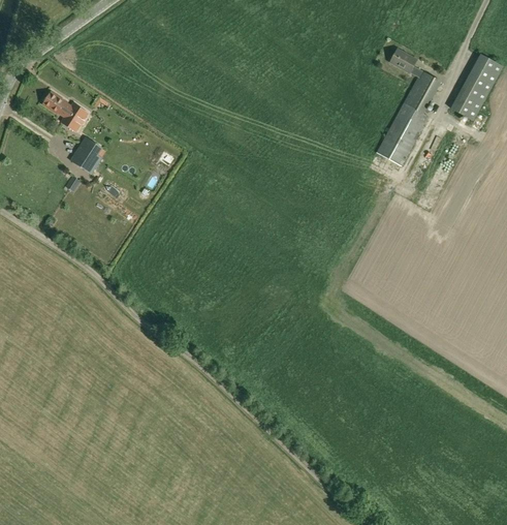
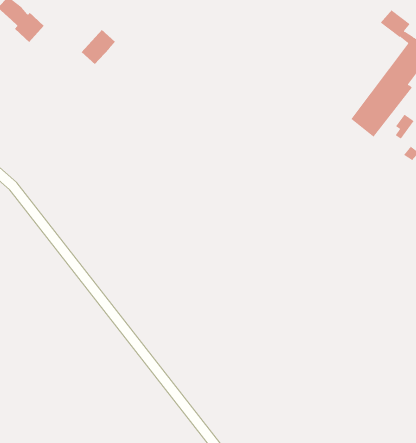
building: [70,135,100,168] -> [81,29,116,65]

